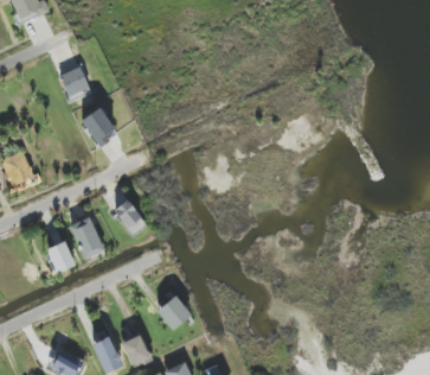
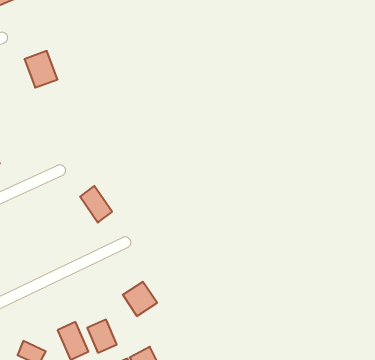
building: [81,107,114,147] -> none
building: [69,216,104,259] -> none
building: [46,241,75,273] -> none

